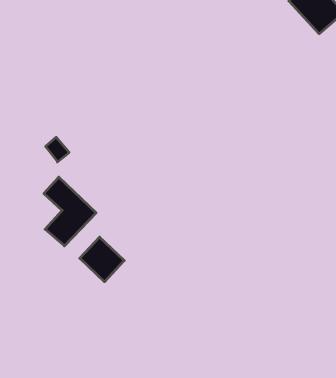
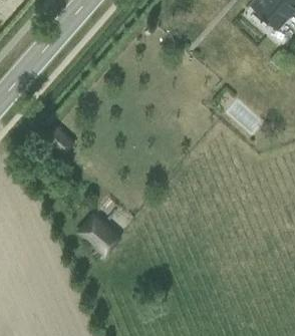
building: [44,177,96,246] -> none

